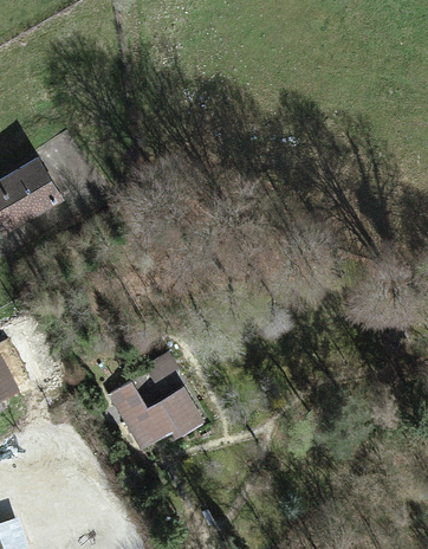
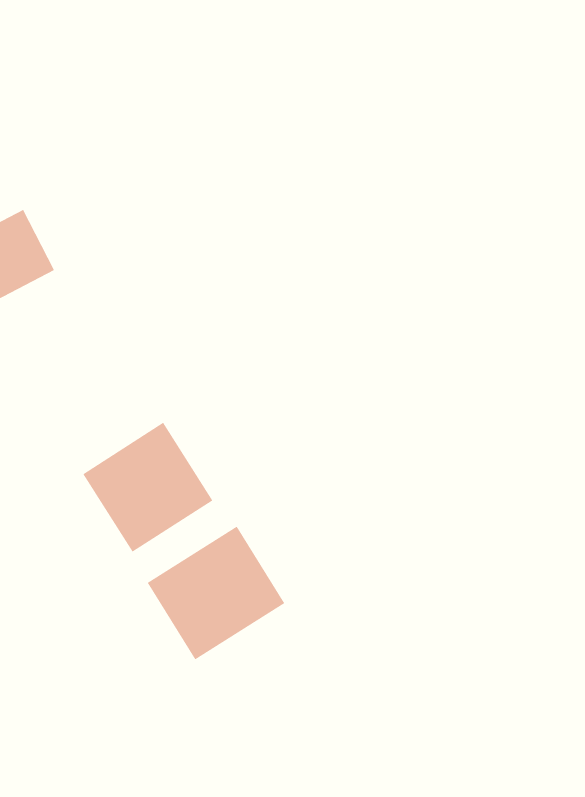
building: none -> [83,422,213,553]

